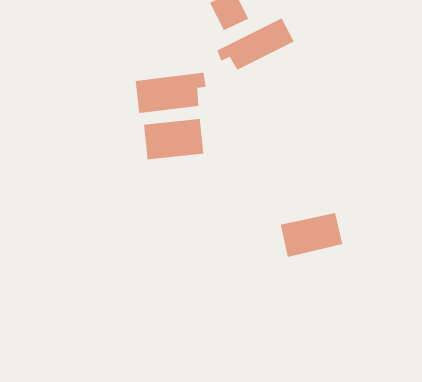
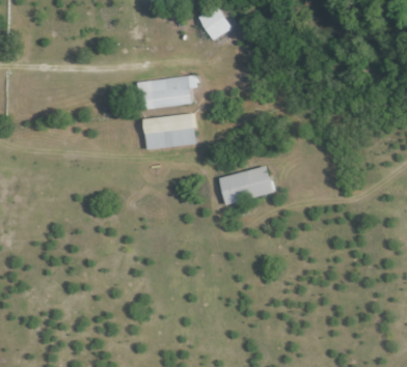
building: [216,17,294,71] -> none
building: [280,212,343,257] -> [219,166,273,204]

